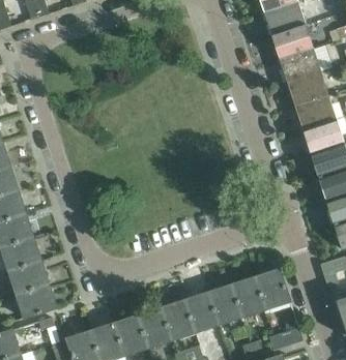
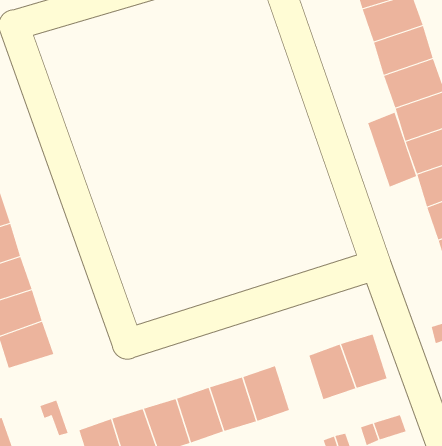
building: none -> [367,112,417,188]
building: [16,283,56,318] -> none
building: [208,284,242,324] -> none

